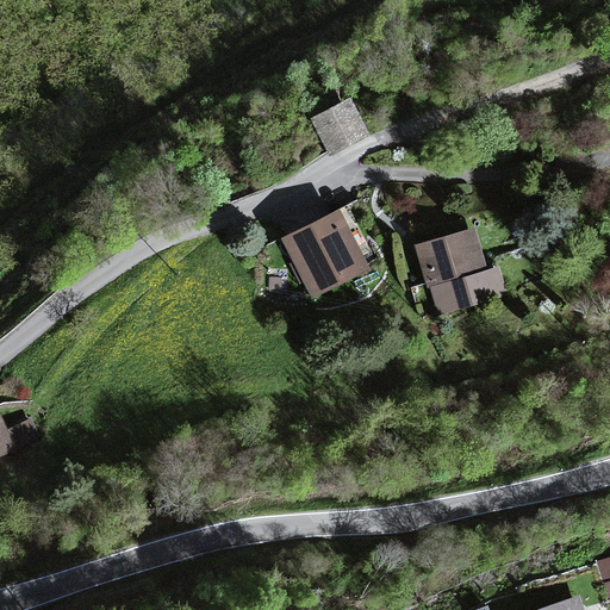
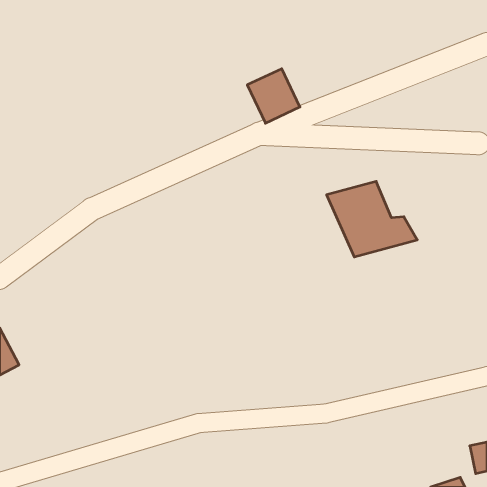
building: [273,210,382,304] -> none

